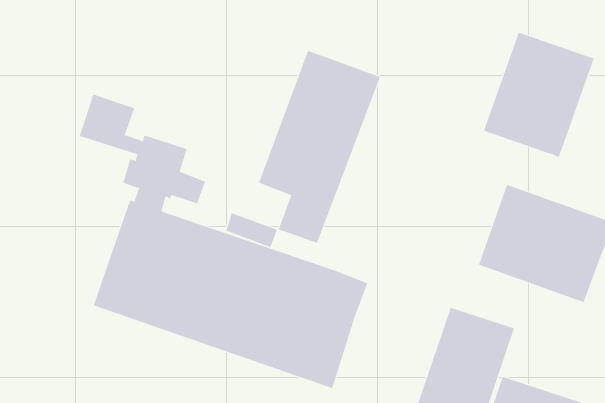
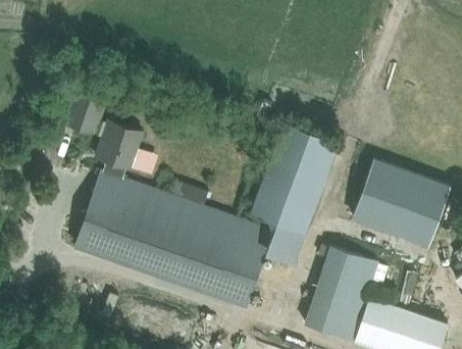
building: [483,32,595,157] -> none
building: [258,50,381,244] -> [249,126,338,265]

